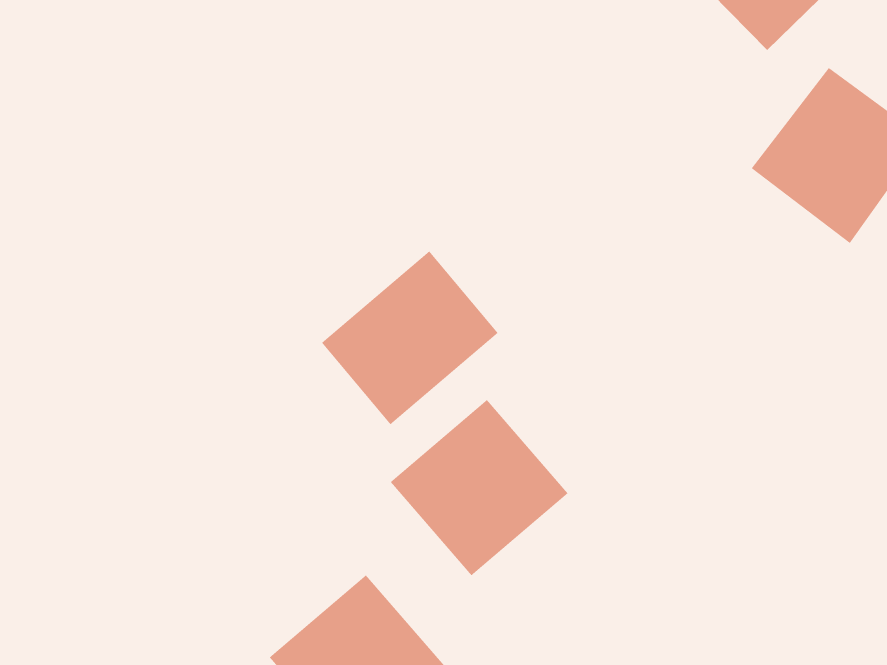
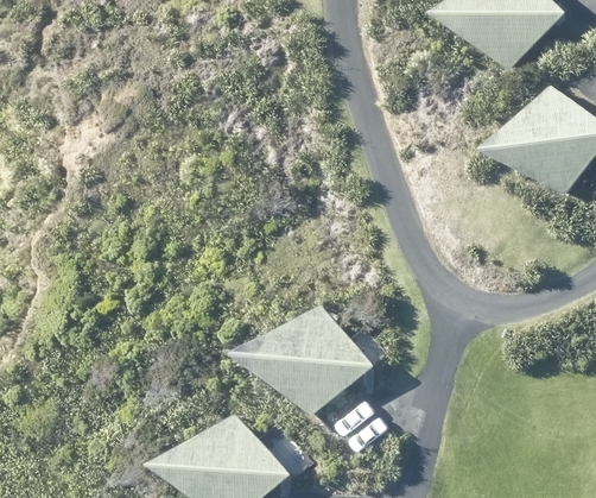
building: [321,250,498,425] -> none

